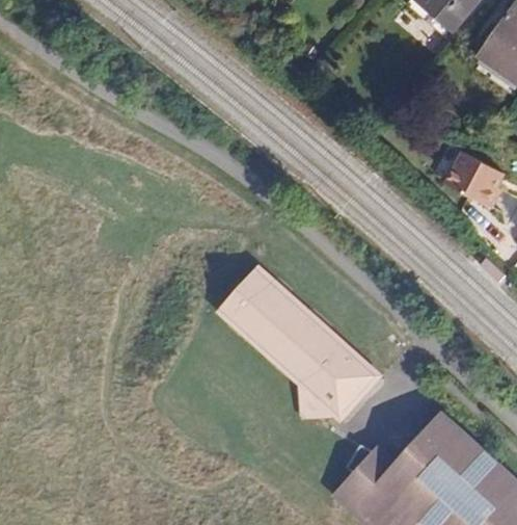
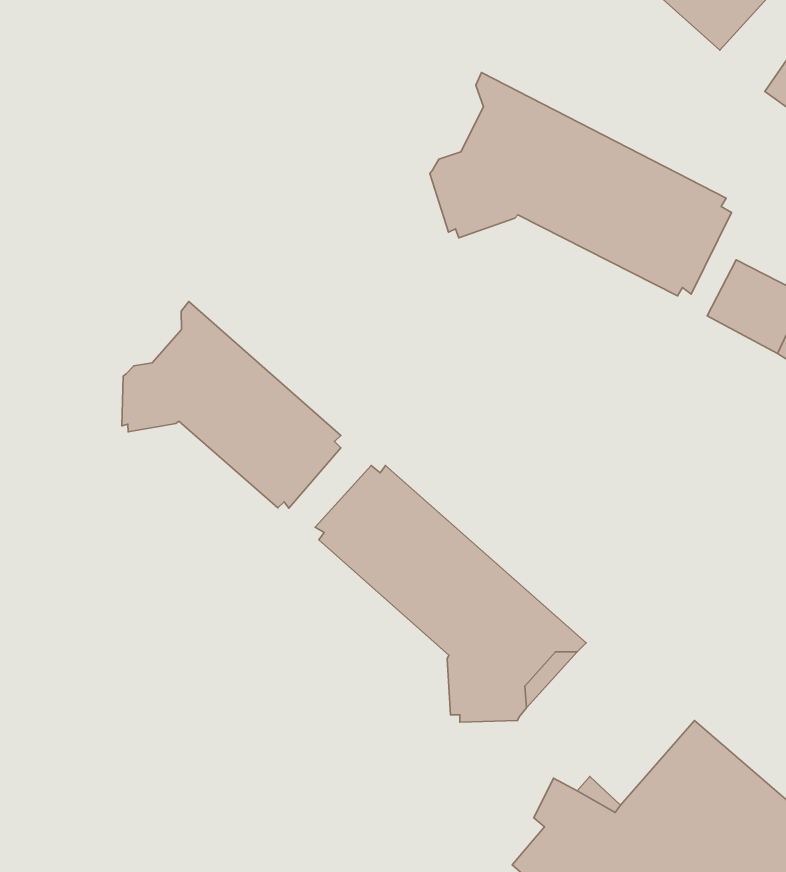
building: none -> [430,72,731,296]
building: none -> [122,301,341,508]

